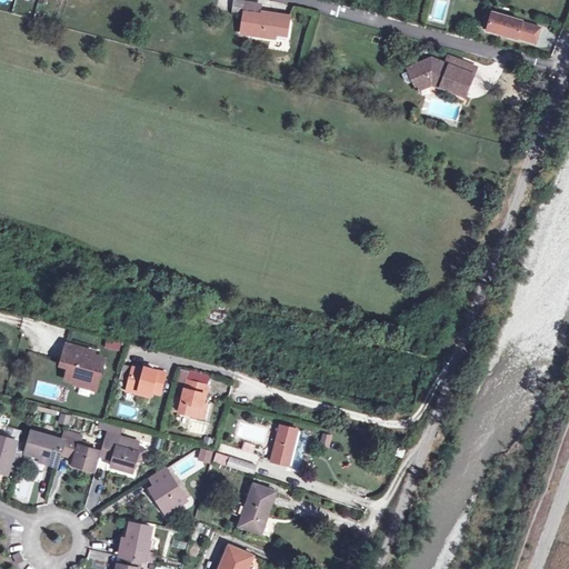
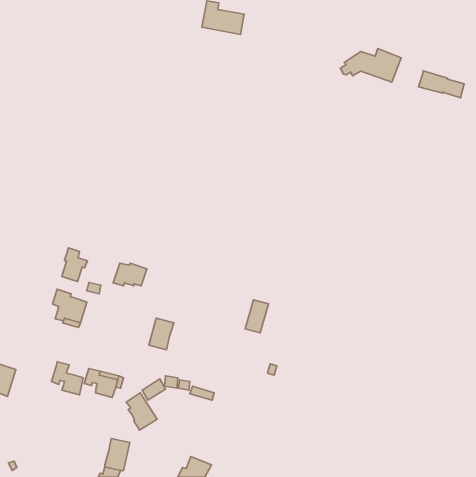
building: [487,12,541,44] -> [418,71,464,98]
building: none -> [62,248,87,282]
building: [126,365,166,391] -> [113,263,147,286]
building: [269,426,297,465] -> [245,300,268,333]
building: [28,430,66,461] -> none
building: [227,480,270,528] -> none

